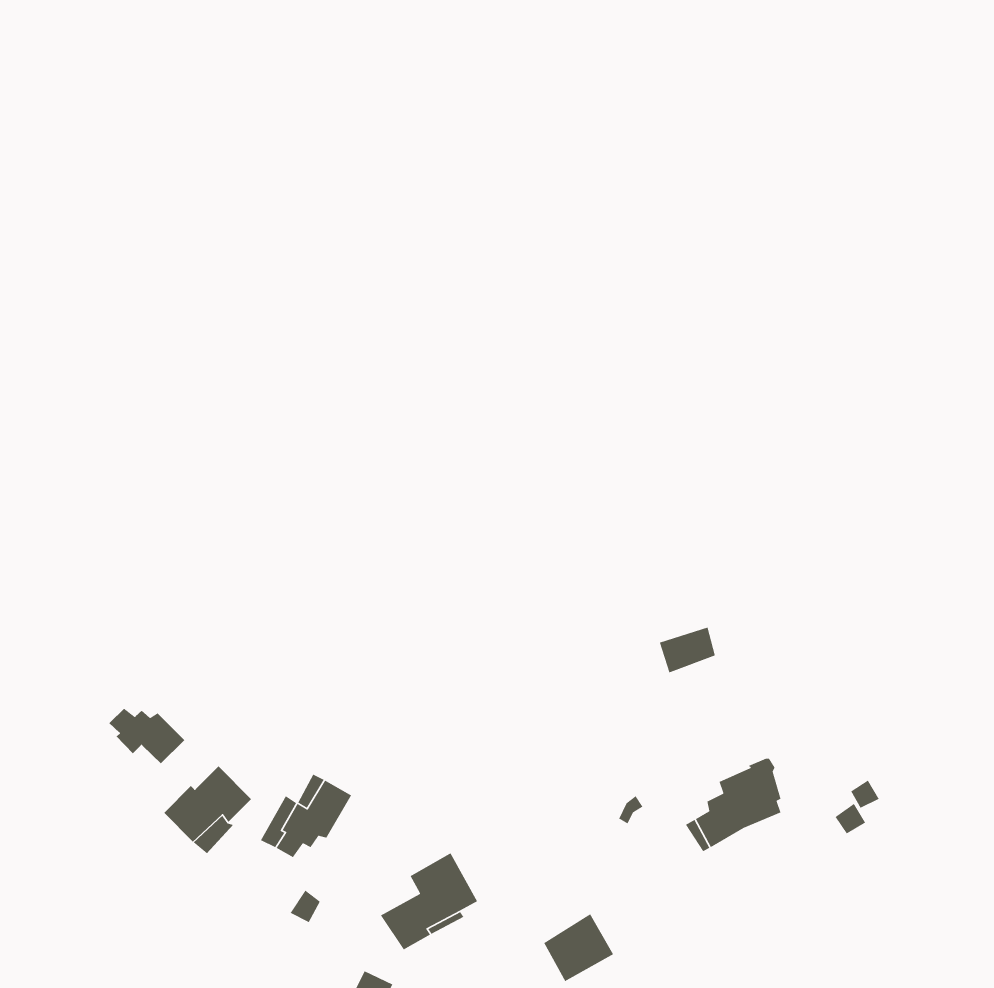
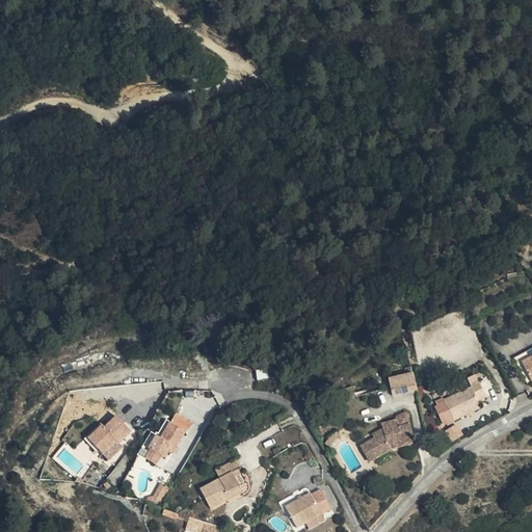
building: [659,626,716,674] -> [381,370,411,395]
building: none -> [440,378,484,420]
building: [108,708,185,764] -> none

